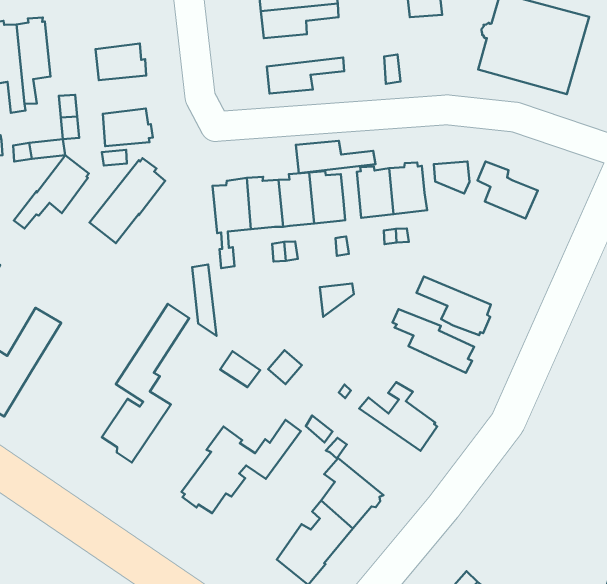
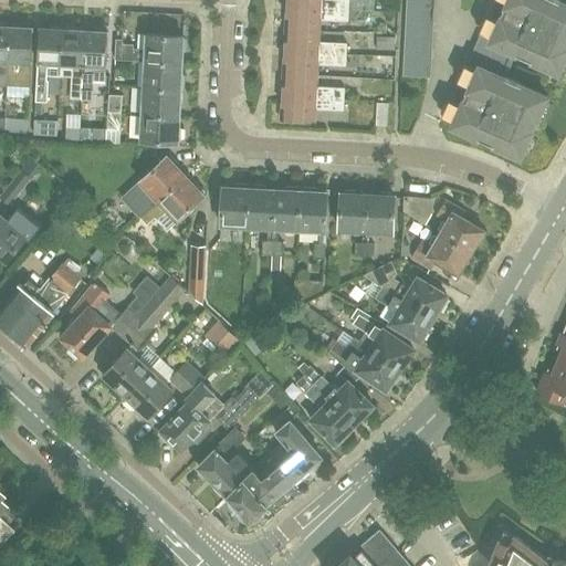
building: none -> [114,34,184,63]
building: none -> [142,87,181,116]
building: [296,141,375,173] -> [280,74,343,99]
building: [14,155,89,229] -> [136,175,202,229]
building: none -> [410,233,470,274]
building: none -> [361,262,446,317]
building: none -> [59,284,147,358]
building: none -> [332,338,402,390]
building: none -> [295,376,356,446]
building: none -> [122,358,203,418]
building: none -> [196,429,251,496]

